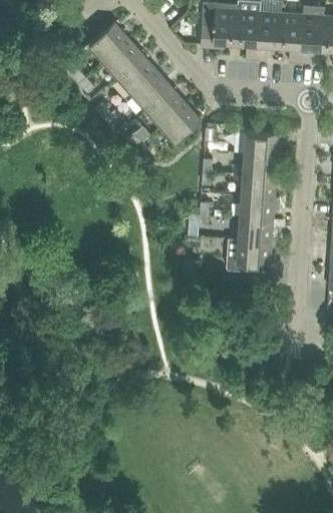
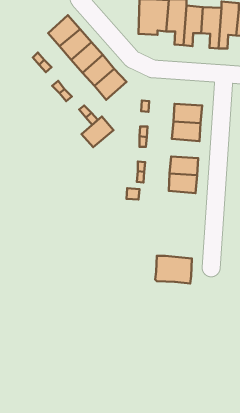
building: [160,103,200,141] -> [82,116,113,147]
building: [241,173,276,197] -> none
building: [226,237,271,272] -> [155,256,192,284]

